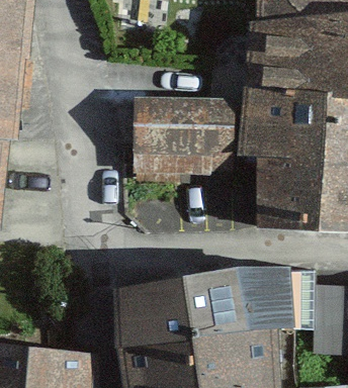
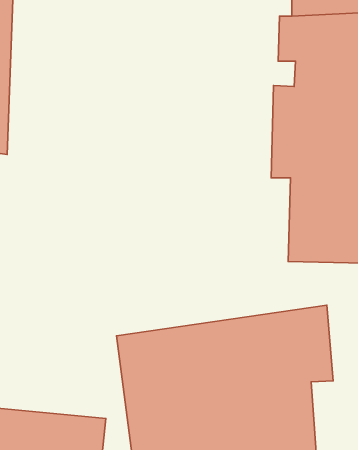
building: [135,100,234,154] -> none

